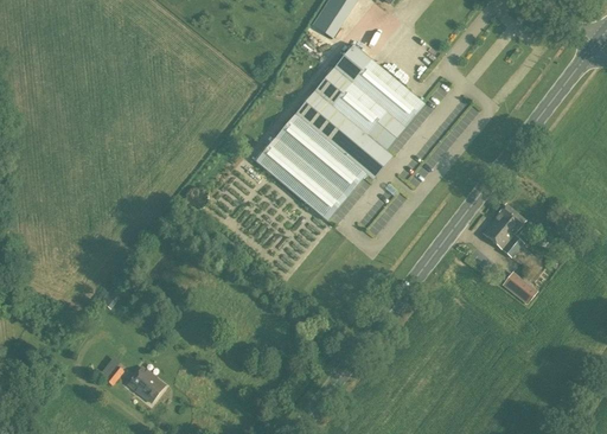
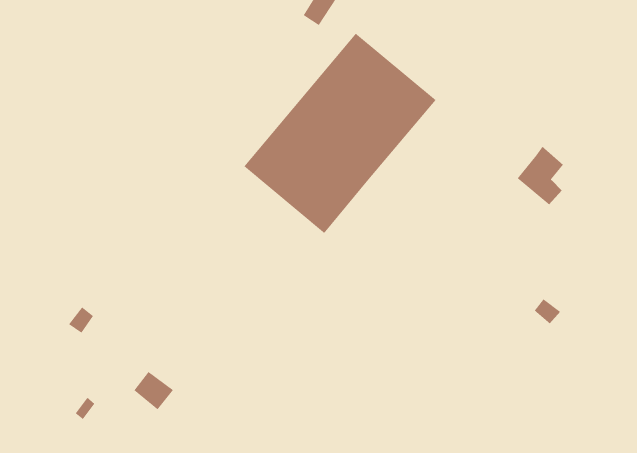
building: [484,204,525,256] -> [517,146,564,205]
building: [130,366,166,401] -> [133,371,174,410]

